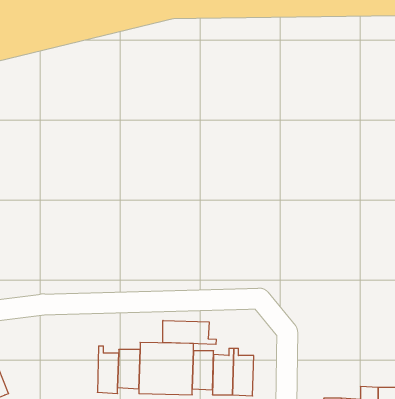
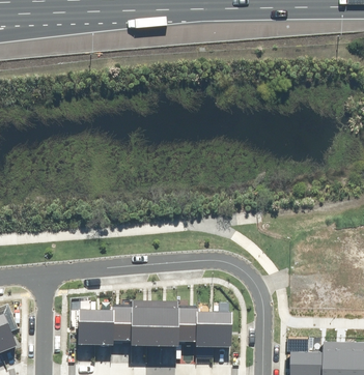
building: [163,320,216,344] -> none
building: none -> [78,305,95,345]

